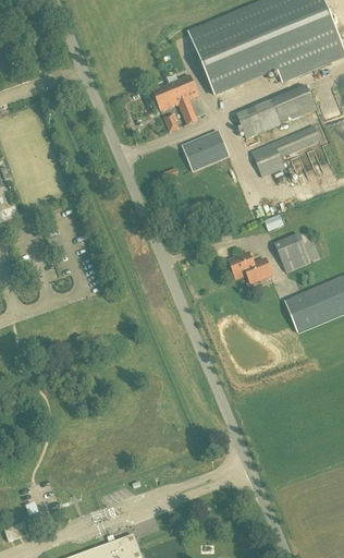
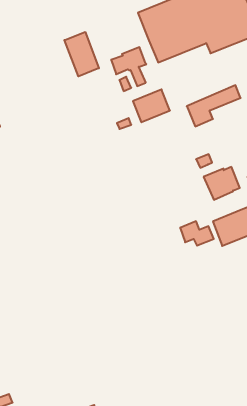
building: none -> [64,32,99,76]
building: [236,84,317,137] -> none
building: [229,251,272,282] -> [180,221,214,246]

